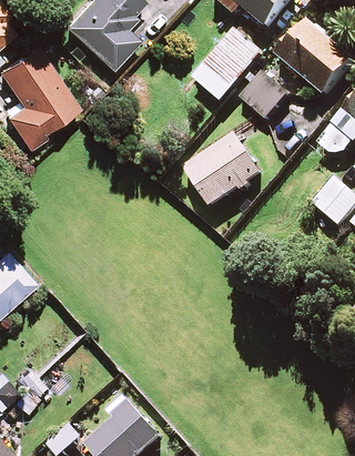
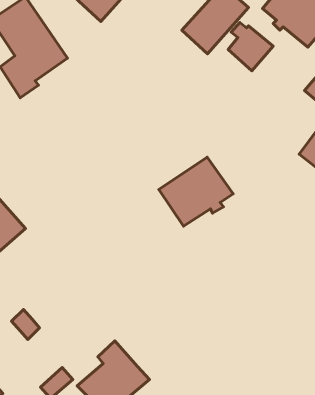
building: [184,133,261,204] -> [159,157,233,226]

